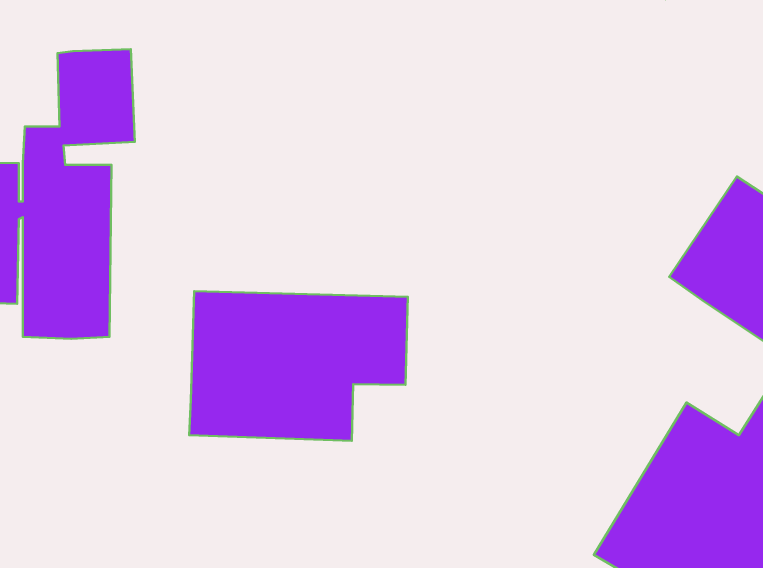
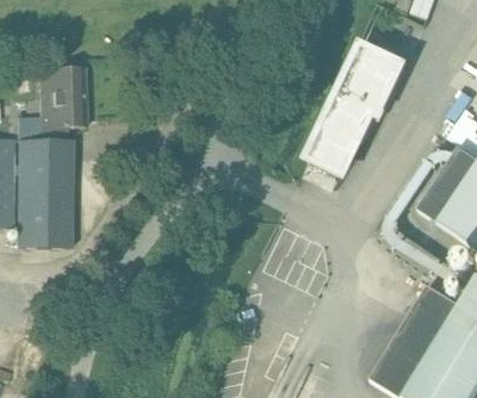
building: none -> [310,46,401,173]
building: [189,291,408,441] -> none

